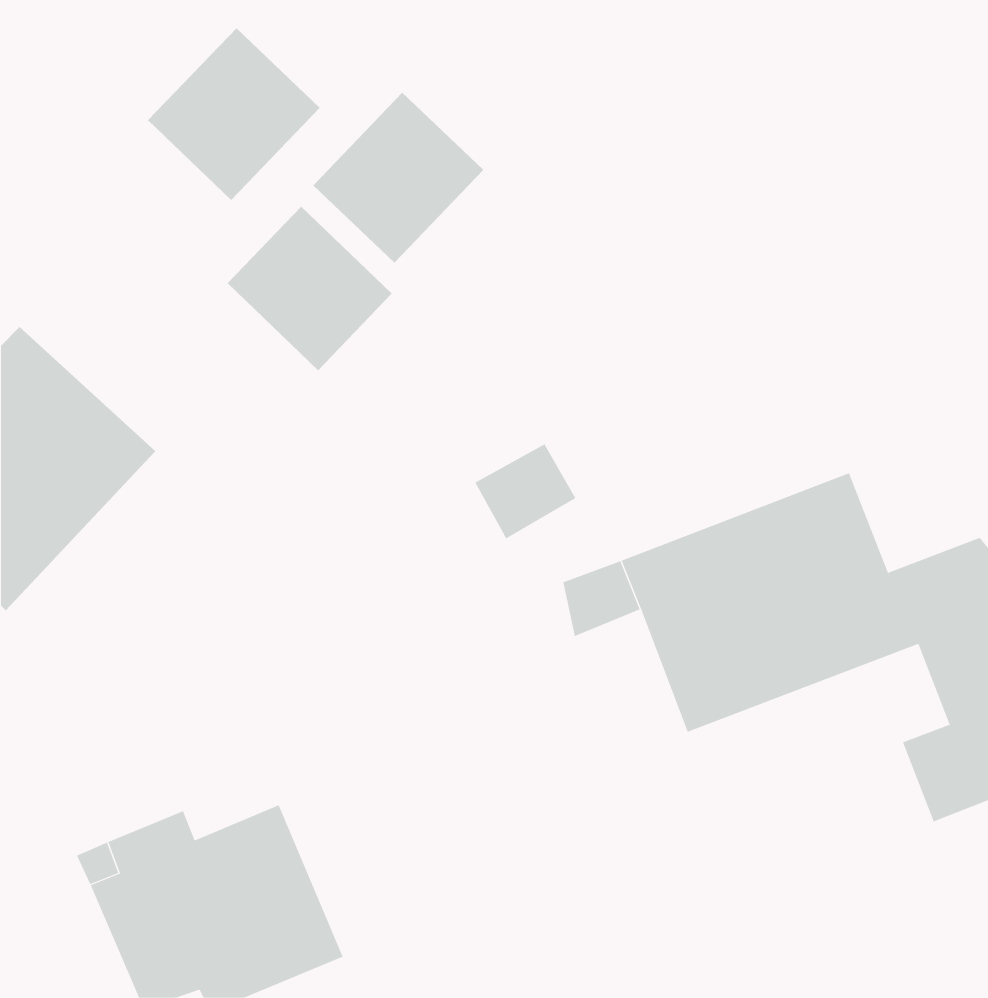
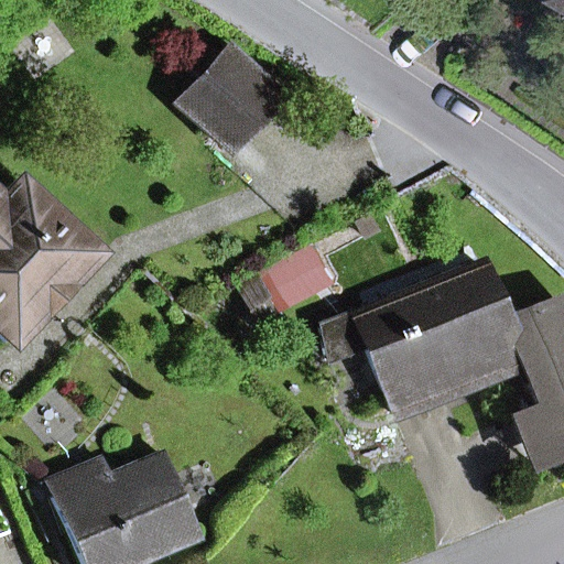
building: [147,27,321,201] -> none
building: [227,206,392,371] -> none

